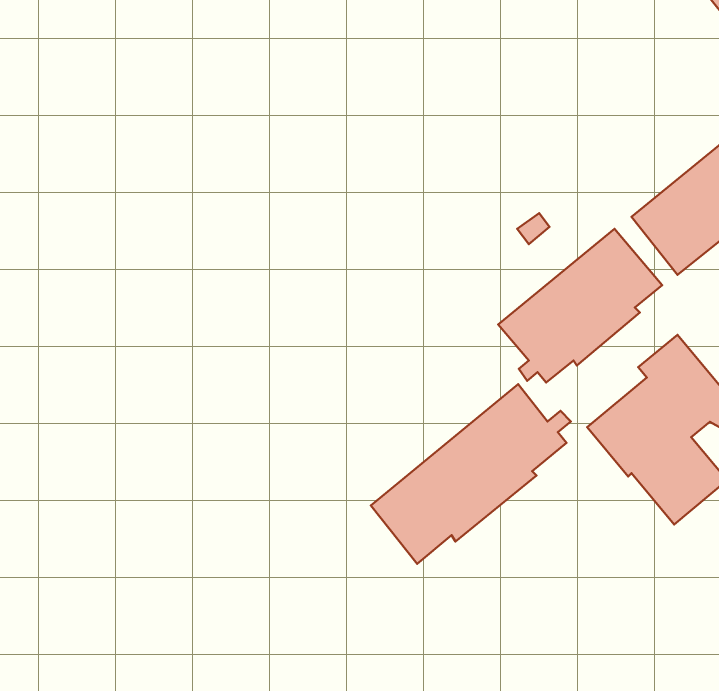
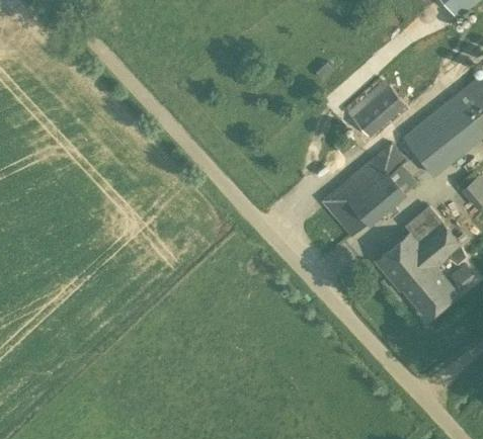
building: none -> [352,86,410,142]
building: [371,384,571,564] -> none

